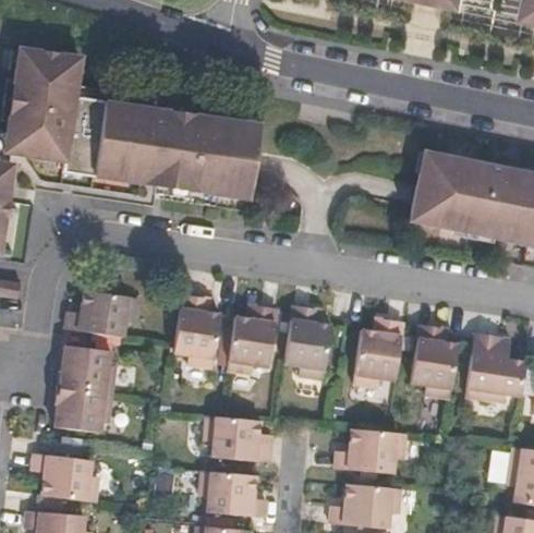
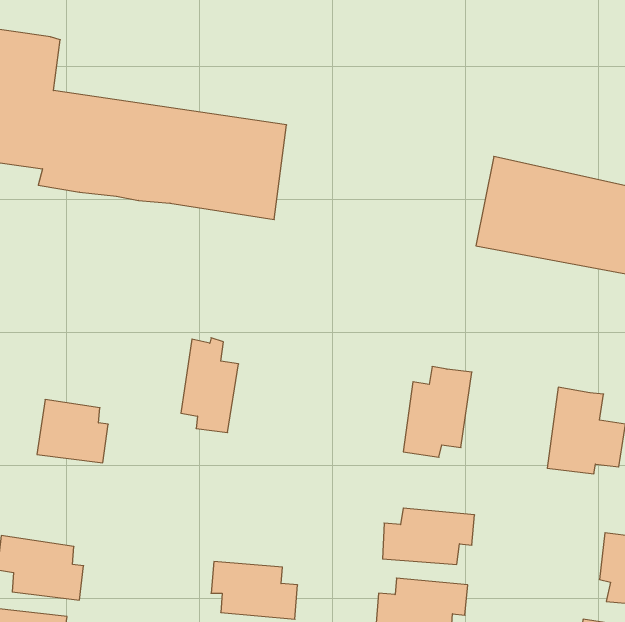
building: [66,289,138,336] -> none
building: [229,301,277,374] -> none
building: [286,305,331,378] -> none
building: [411,325,461,400] -> none
building: [56,386,113,432] -> none
building: [205,415,274,462] -> none

